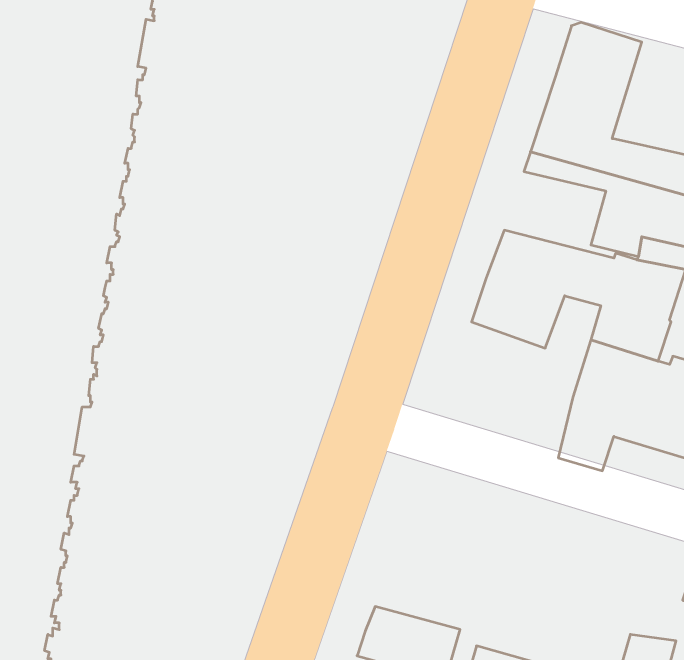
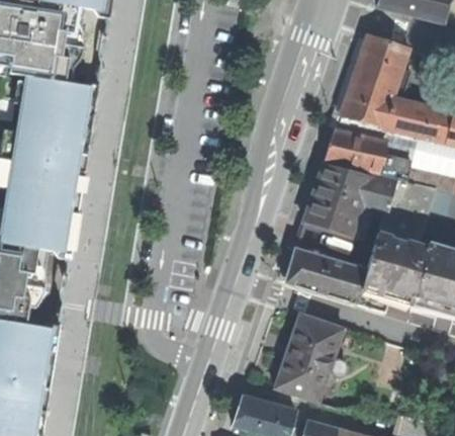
building: none -> [323,127,385,175]
building: none -> [282,247,365,304]
building: none -> [272,313,342,402]

